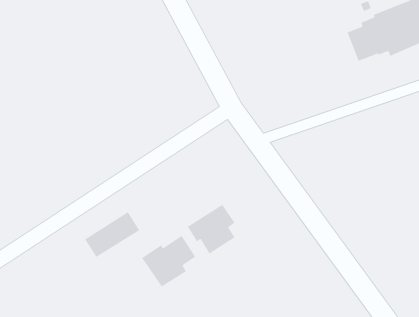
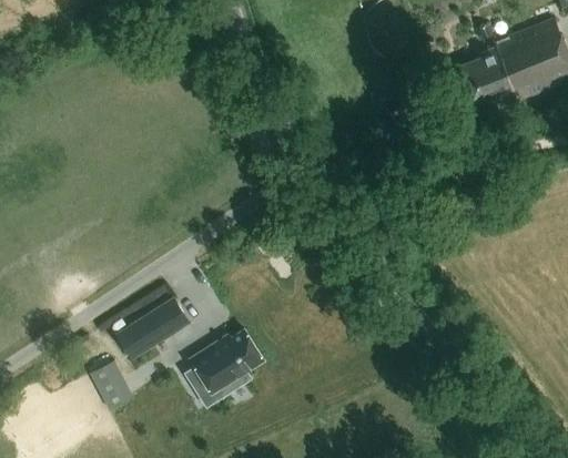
building: [187,204,236,254] -> none
building: none -> [90,360,124,409]

